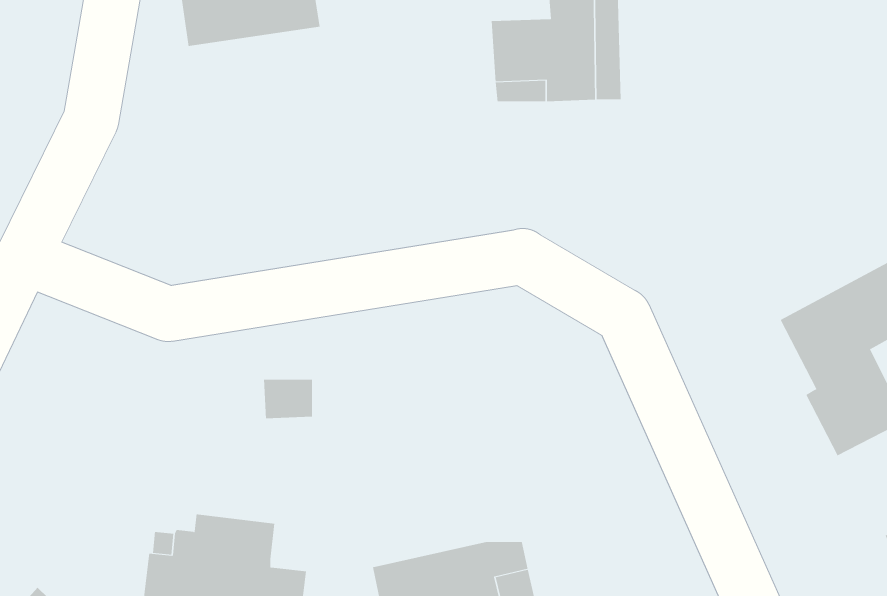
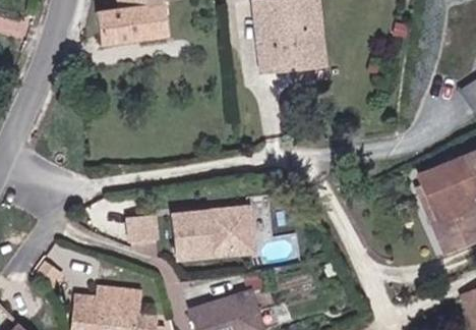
building: none -> [182,211,259,258]

